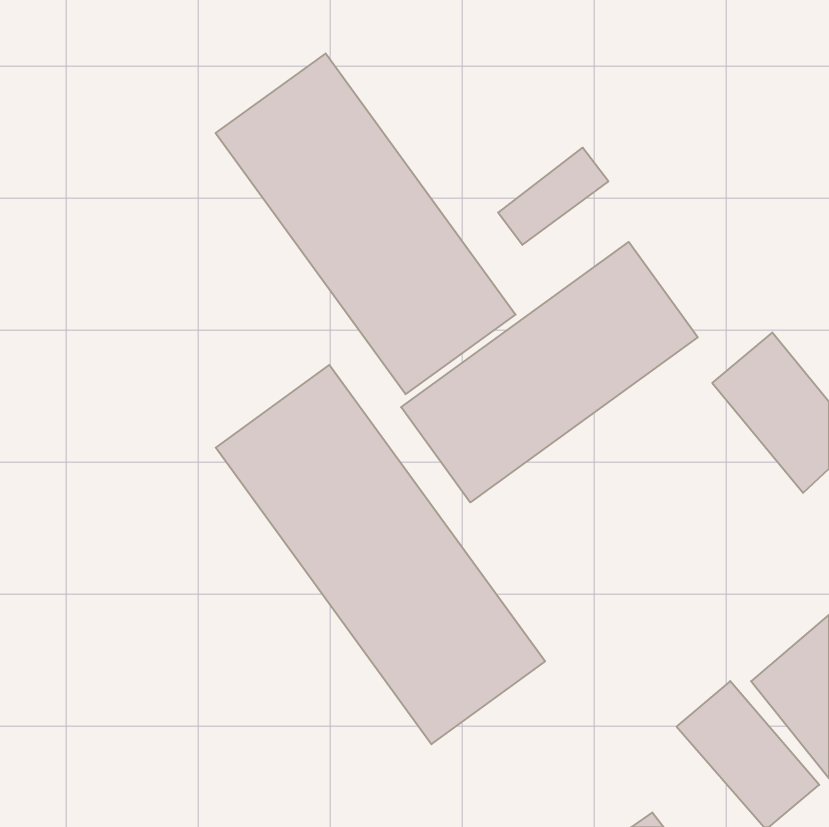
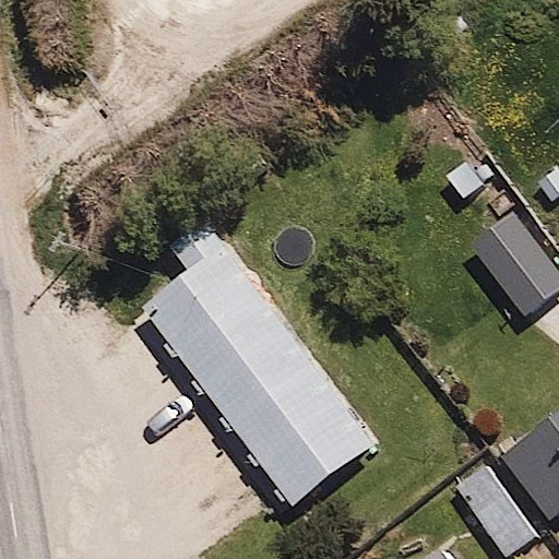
building: [216,53,516,394] -> none
building: [401,242,698,502] -> none

